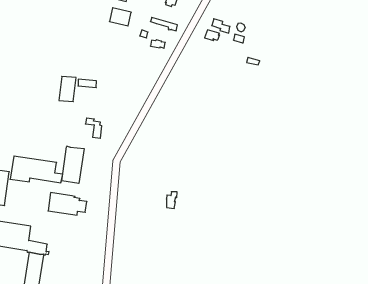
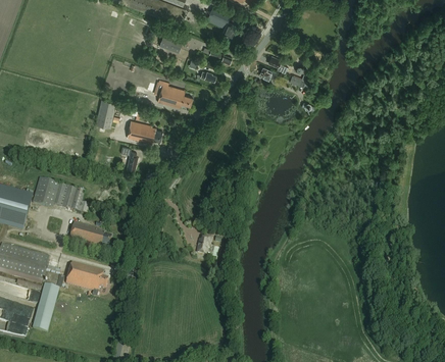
building: none -> [156,80,192,106]
building: none -> [127,118,161,141]
building: [62,146,84,183] -> none
building: none -> [64,260,108,290]

